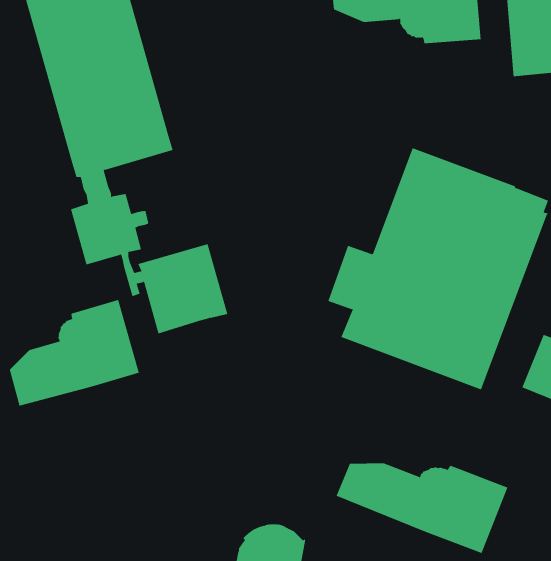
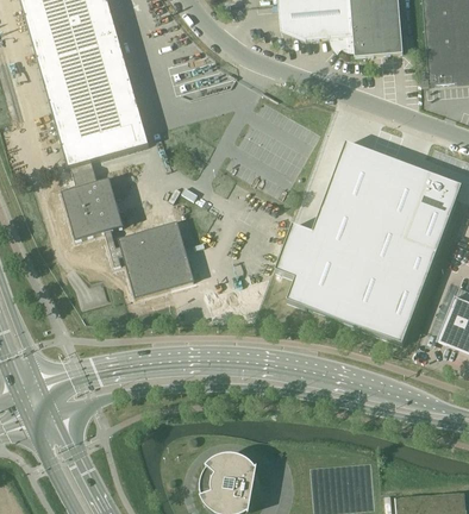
building: [9,299,139,407] -> none
building: [336,463,508,554] -> none

